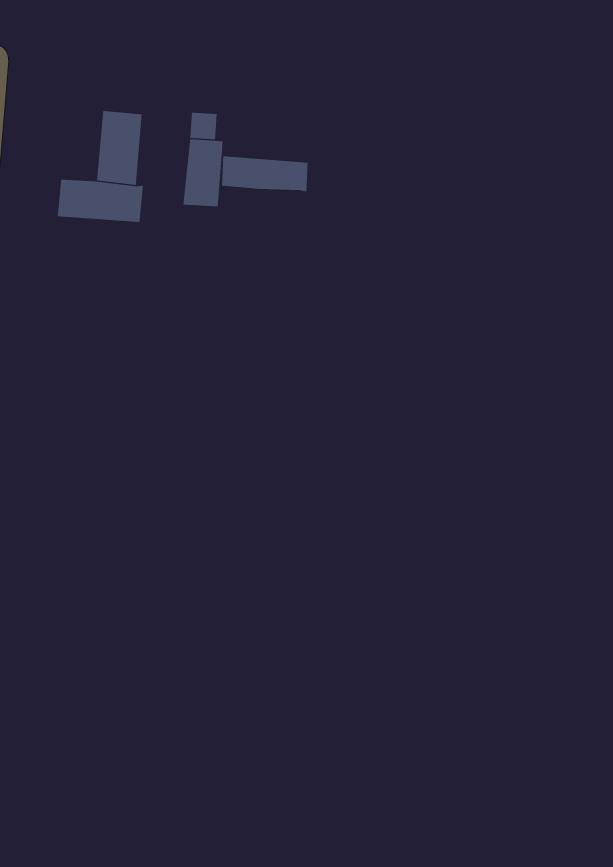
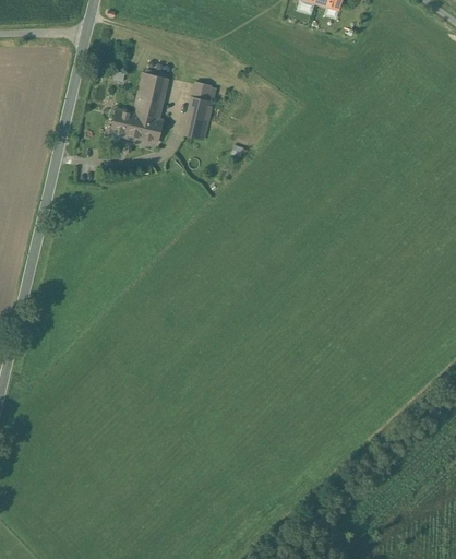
building: [221,156,308,193] -> none

